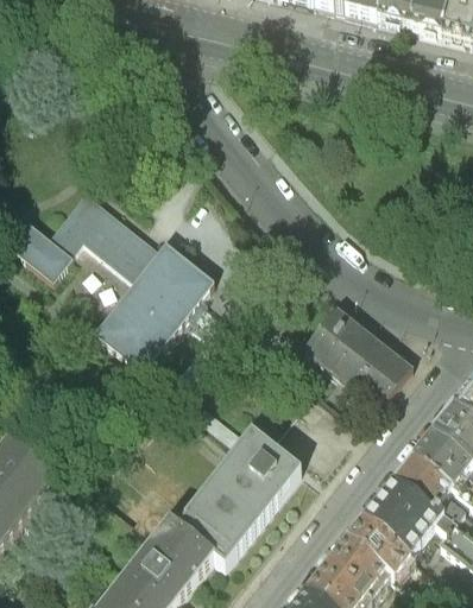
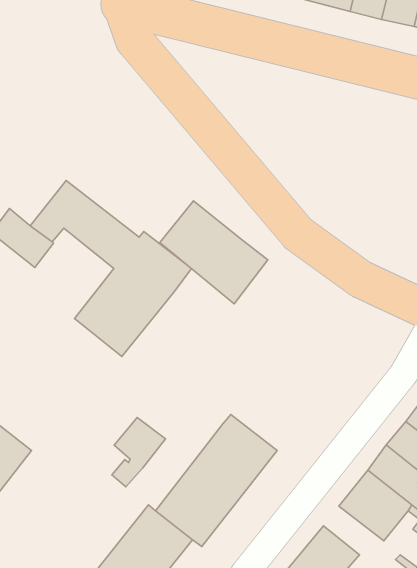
building: [294,291,404,397] -> [160,201,268,304]
building: none -> [112,417,165,487]
building: [347,524,409,581] -> none

